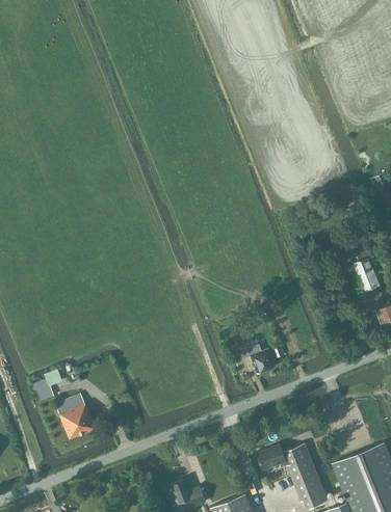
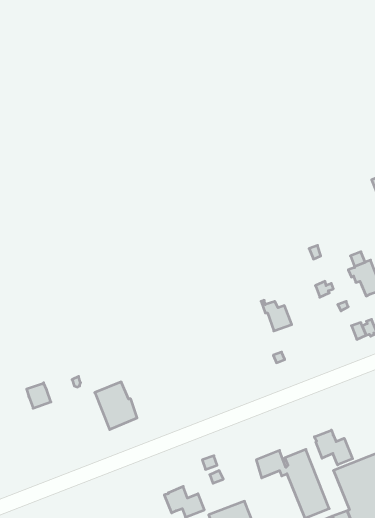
building: [244,343,275,373] -> [261,300,292,331]
building: [54,393,96,439] -> [95,382,137,430]
building: none -> [314,430,353,465]

